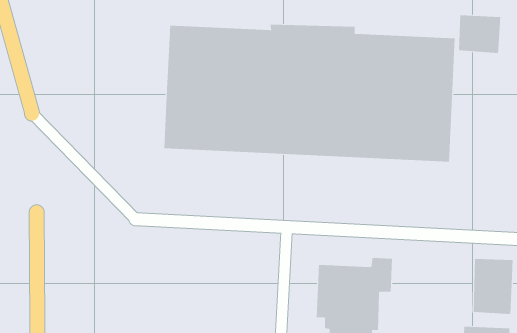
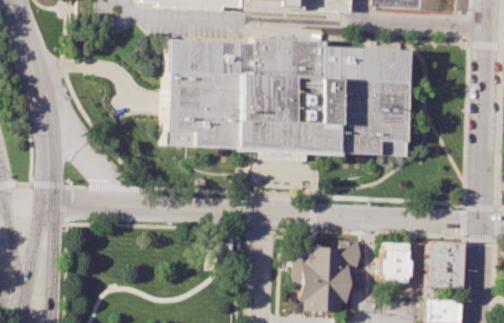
building: [458,14,501,54] -> none
building: none -> [381,242,413,283]

